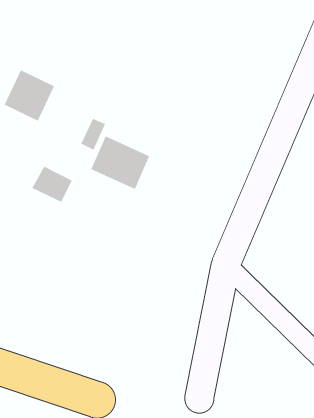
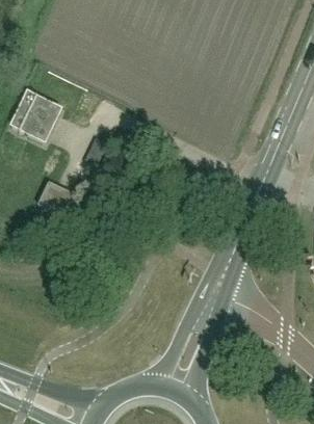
building: [91,136,150,190] -> none

